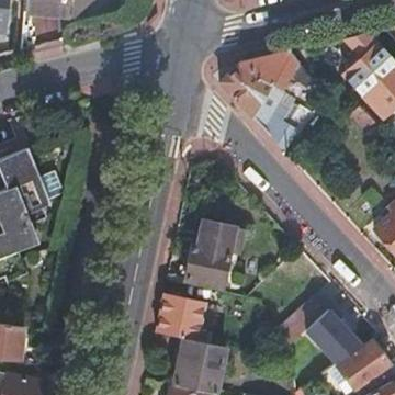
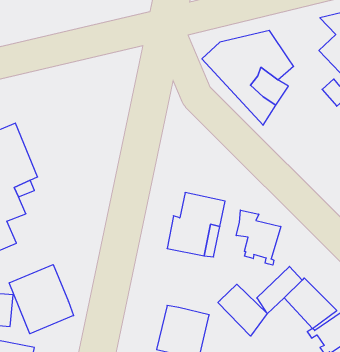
building: none -> [236,210,281,265]
building: [157,295,205,341] -> none
building: none -> [9,265,74,334]
building: none -> [218,284,267,336]

